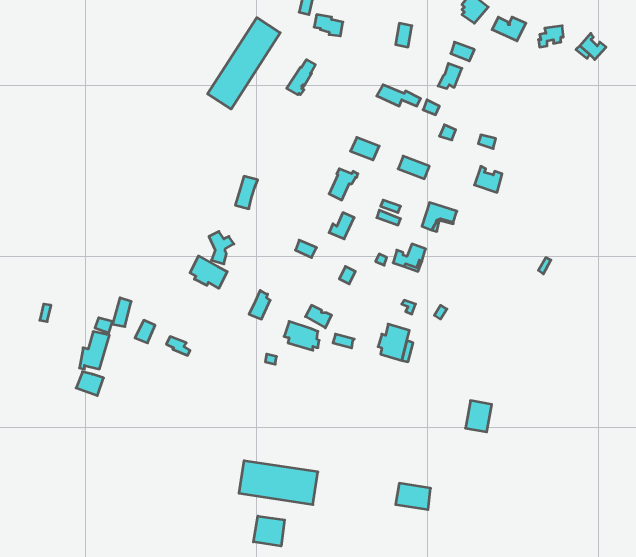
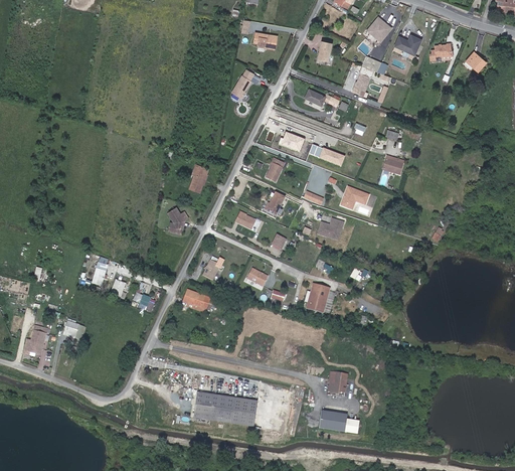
building: [208,18,280,109] -> none
building: [190,256,227,288] -> none
building: [284,321,319,350] -> [182,289,210,312]
building: [79,332,109,369] -> [23,324,47,354]
building: [465,401,492,432] -> [326,370,347,396]
building: [253,516,285,546] -> none

